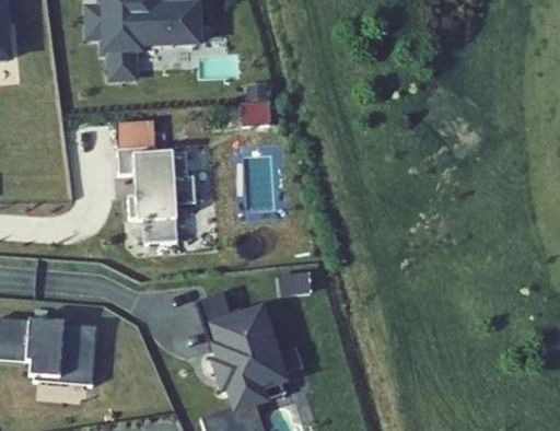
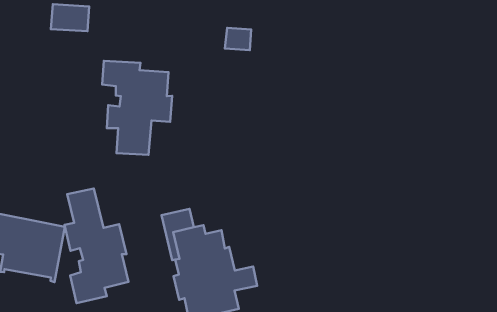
building: [117,121,156,150] -> [51,4,89,31]
building: none -> [64,189,128,303]

